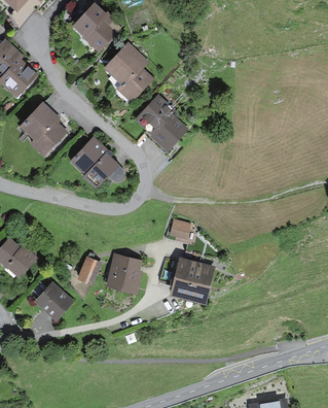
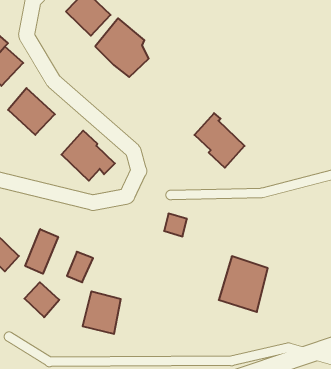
building: [138,103,185,155] -> [194,113,245,168]
building: none -> [25,229,58,274]
building: [165,247,211,300] -> [219,256,268,312]
building: [105,248,141,288] -> [83,291,121,334]

